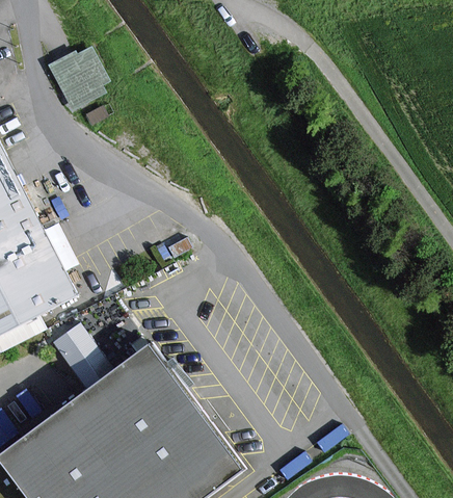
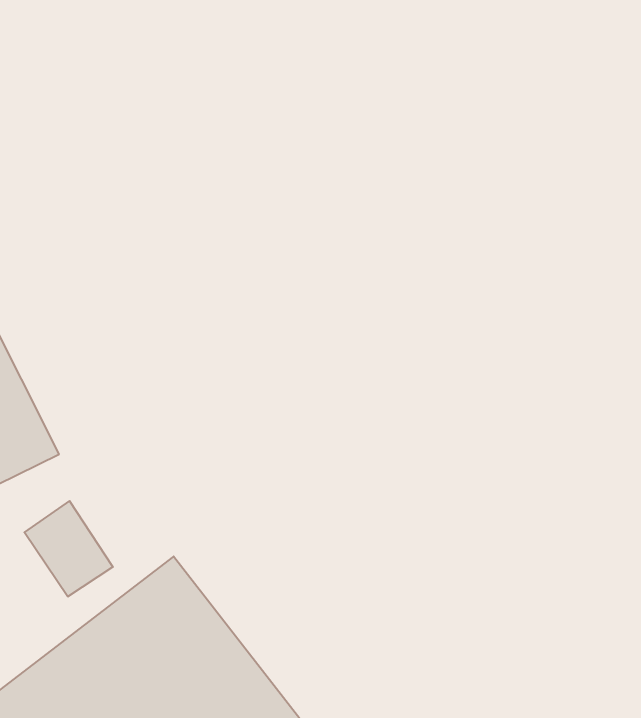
building: [52,51,107,107] -> none

